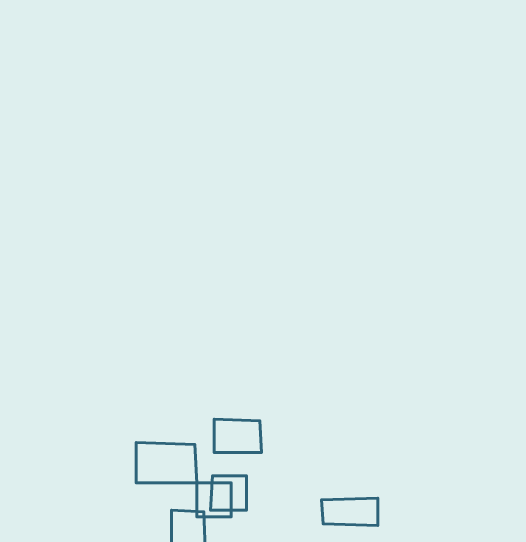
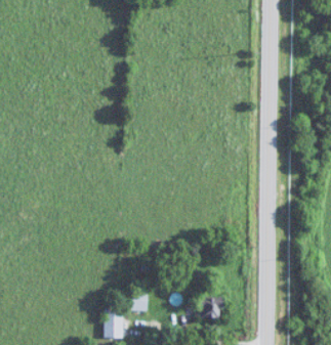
building: [214,419,262,452] -> none
building: [136,443,197,483] -> none

